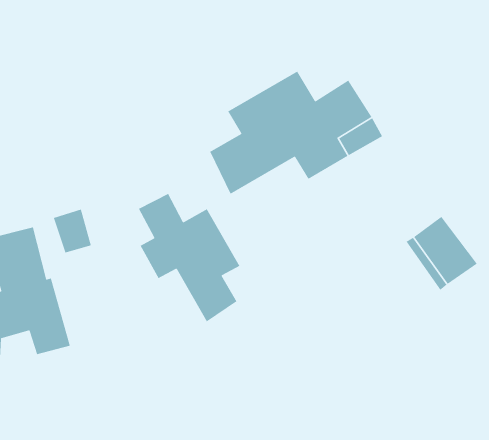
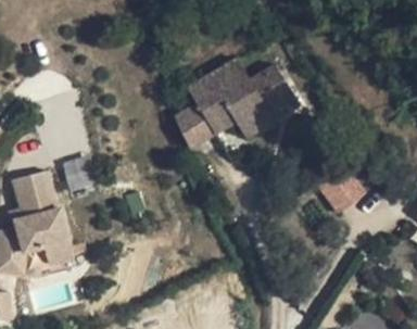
building: [138,193,240,323] -> none

